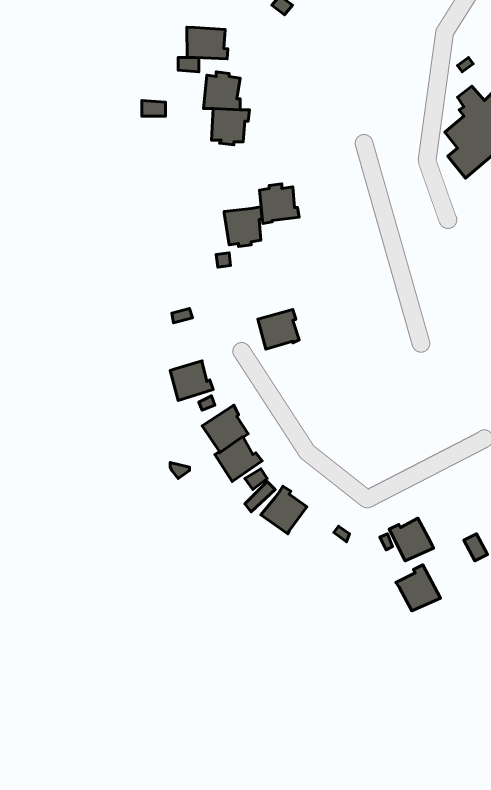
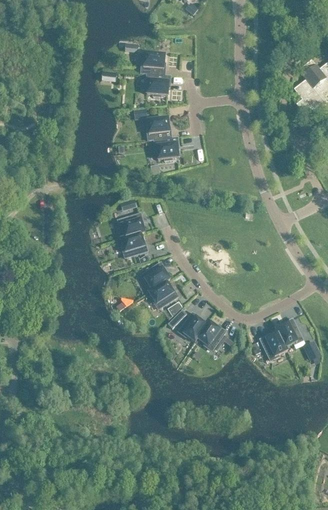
building: [187,27,228,59] -> none
building: [260,184,299,224] -> [146,116,171,141]
building: [258,310,299,349] -> [118,213,144,238]
building: none -> [195,321,225,352]
building: [396,565,440,611] -> [274,318,302,347]

